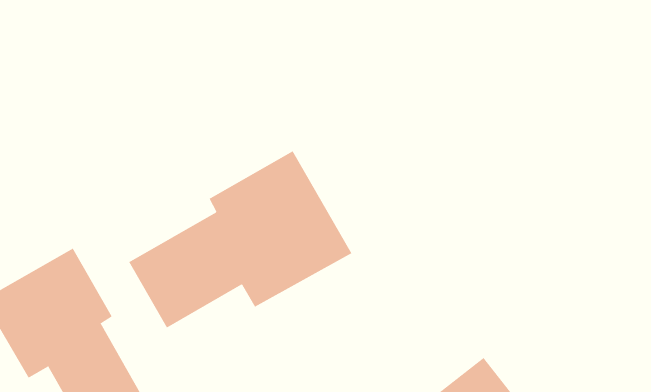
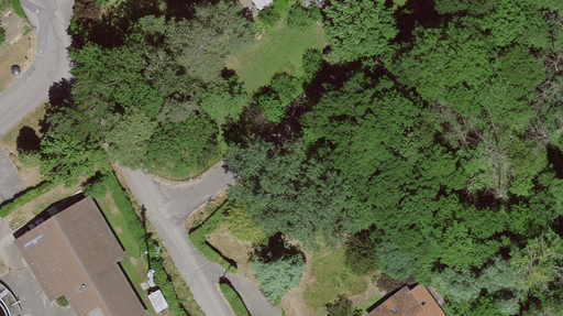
building: [129,150,352,329] -> none

